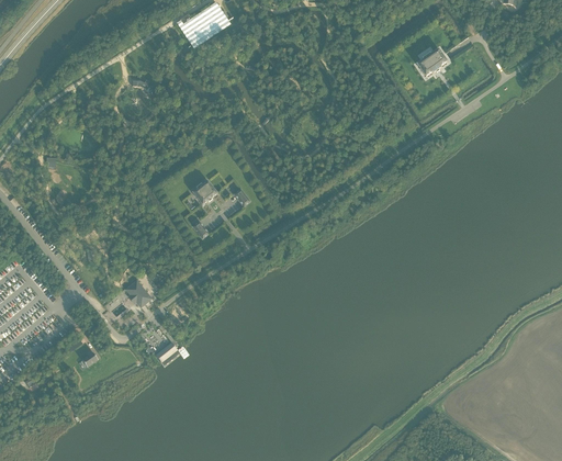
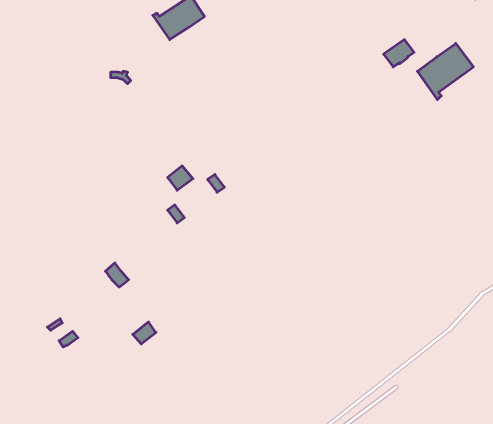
building: none -> [417,43,473,100]

